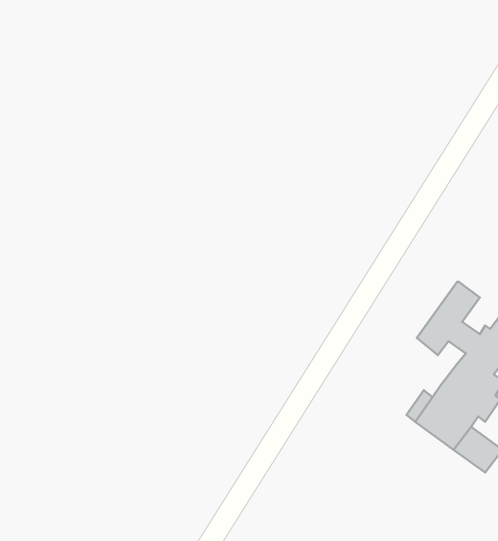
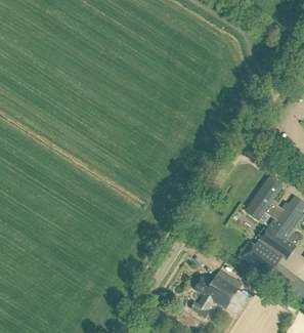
building: none -> [190,270,247,318]

